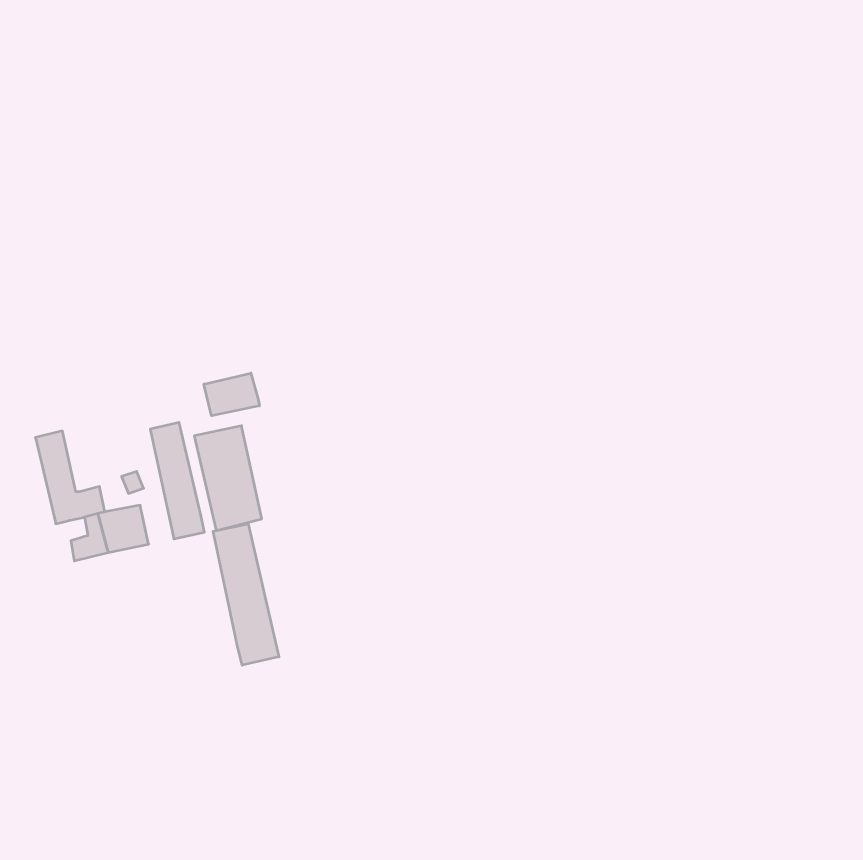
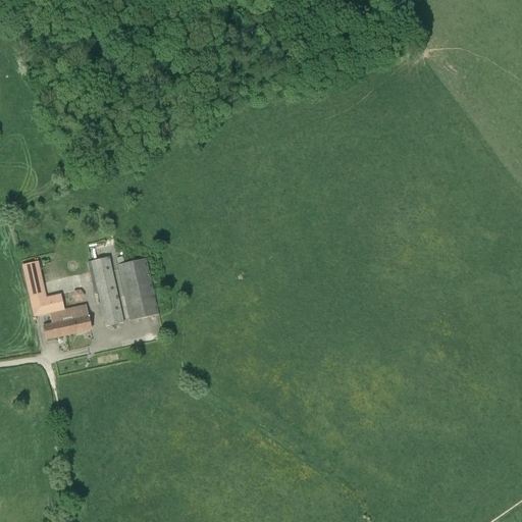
building: [204,373,259,416] -> none
building: [213,524,279,665] -> none

